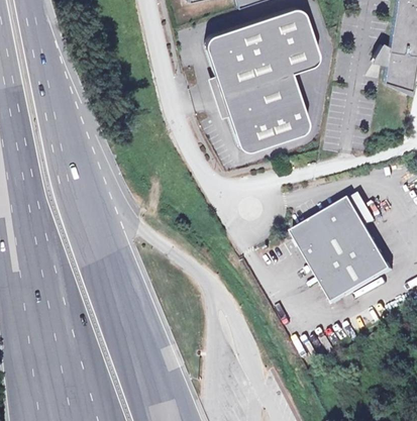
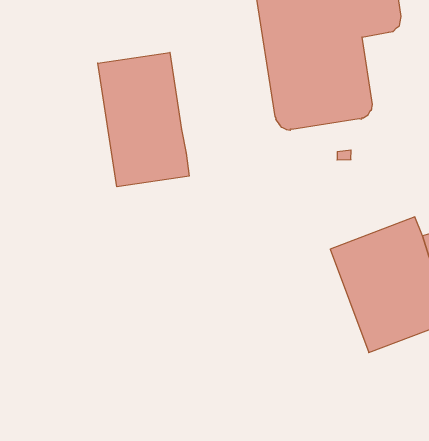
building: none -> [98,52,189,187]

